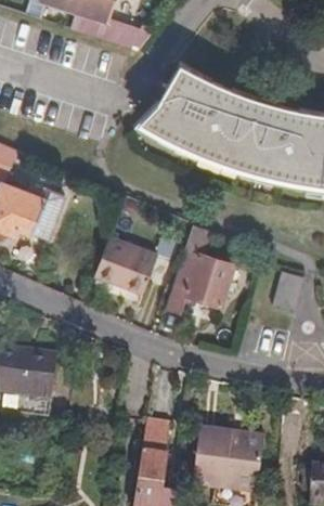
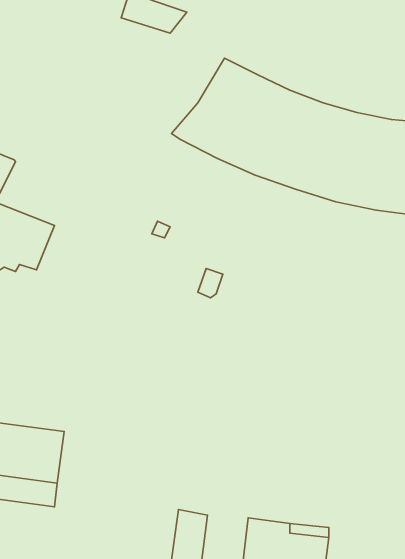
building: [169,221,237,311] -> none
building: [94,236,163,296] -> none
building: [271,270,304,314] -> none

